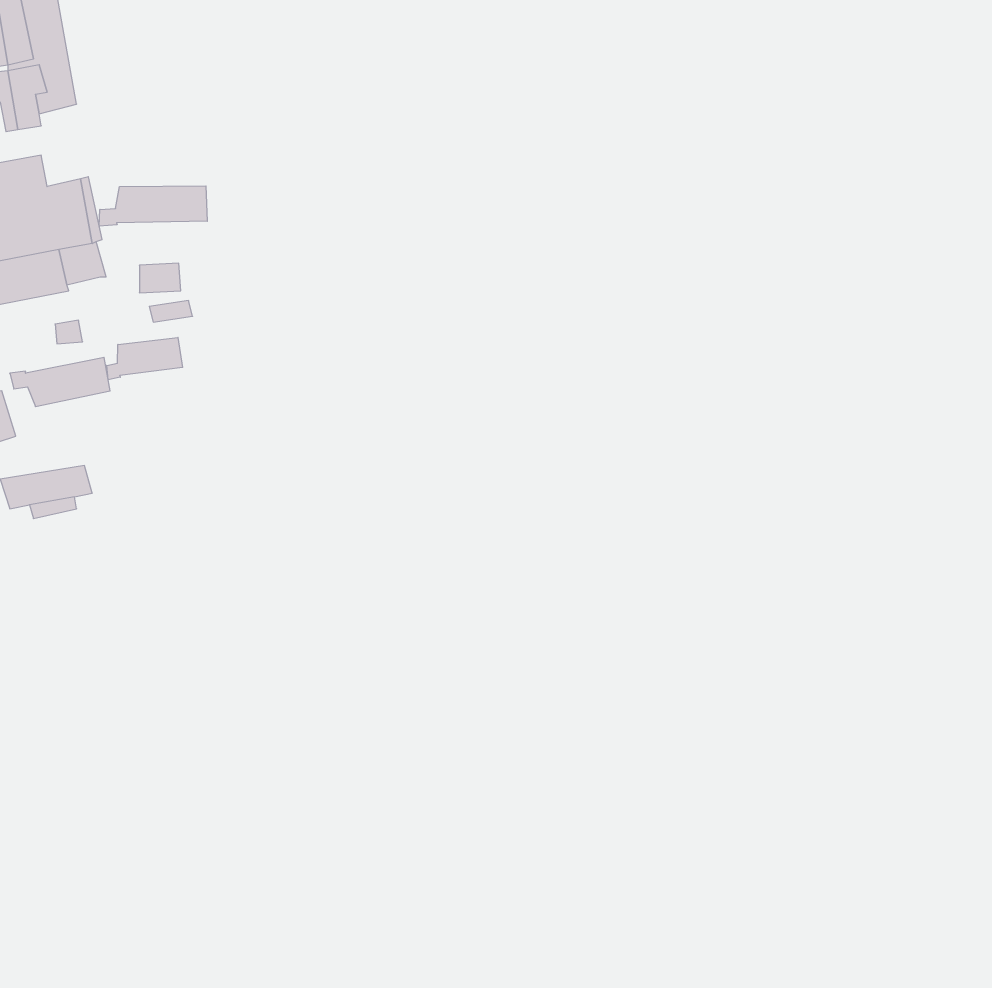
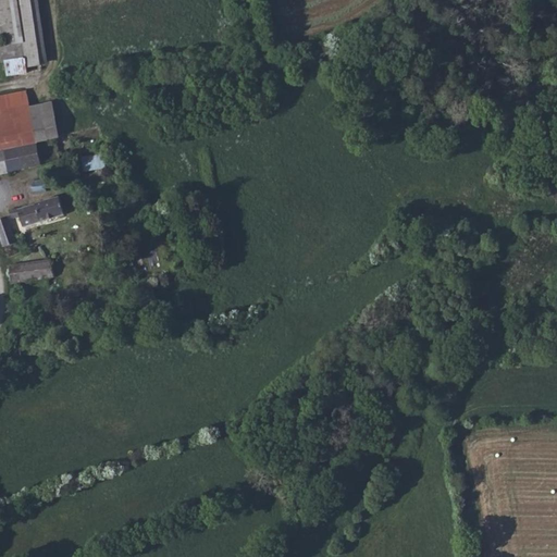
building: [99,186,207,226] -> none
building: [107,337,183,380] -> none

